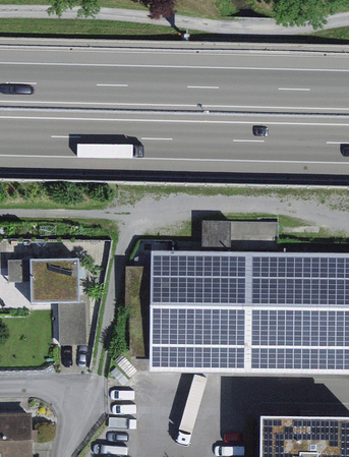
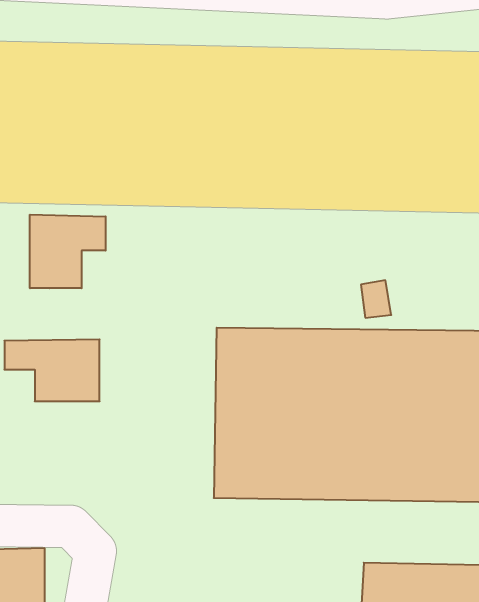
building: none -> [30,215,106,288]
building: [58,303,85,345] -> none

